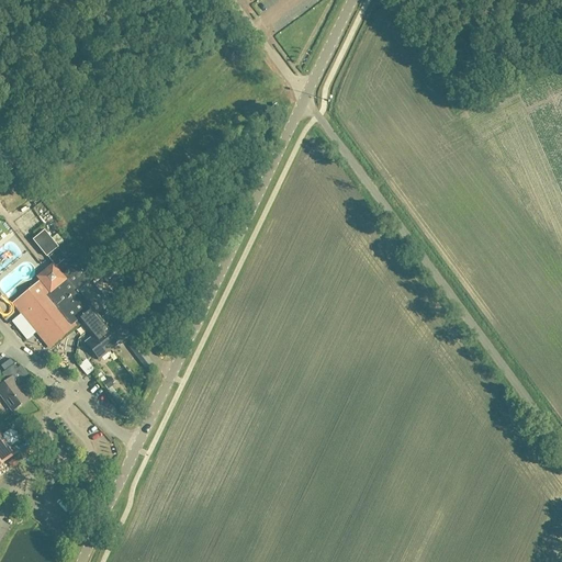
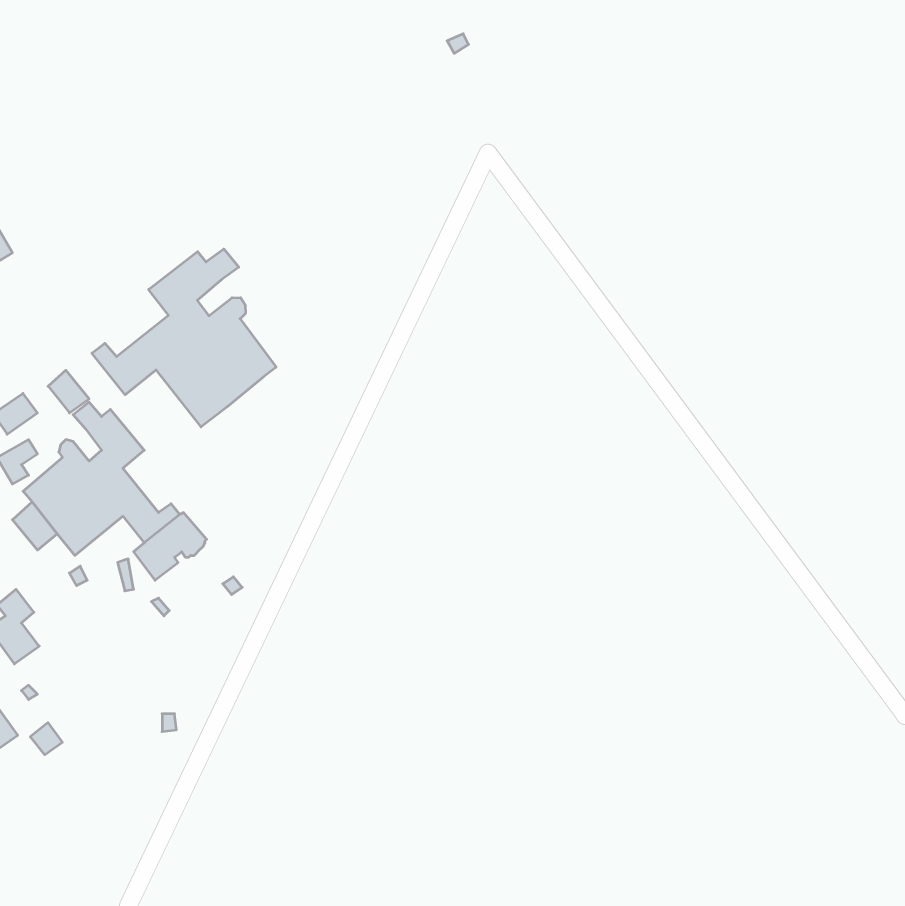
building: none -> [92,249,276,427]

